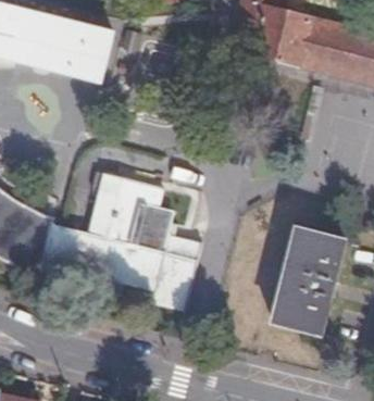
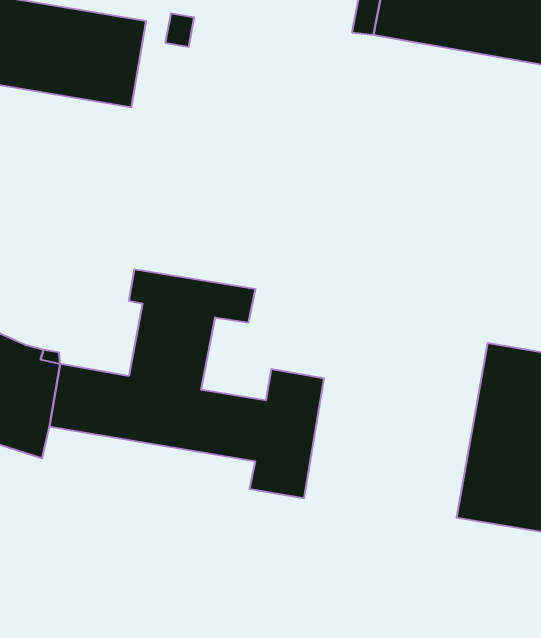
building: [132,204,177,253] -> none

